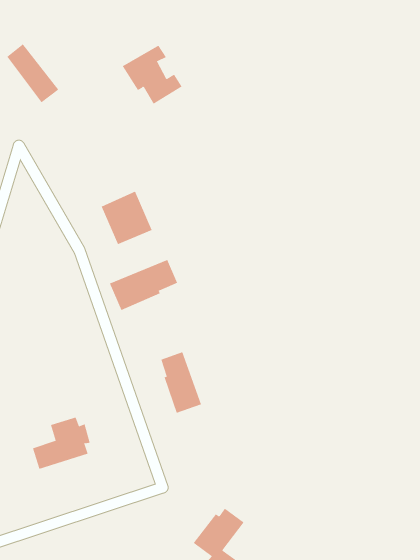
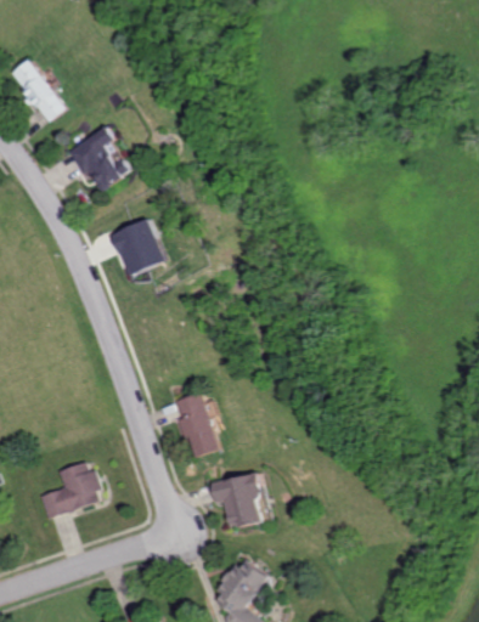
building: [122,45,182,104] -> [68,126,134,191]
building: [109,259,178,311] -> none
building: none -> [213,473,264,527]

